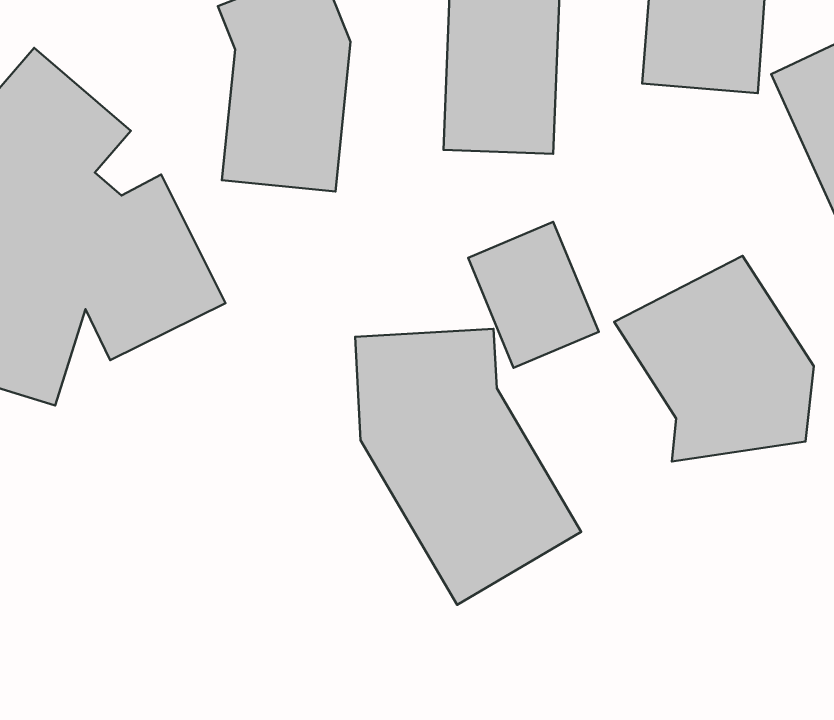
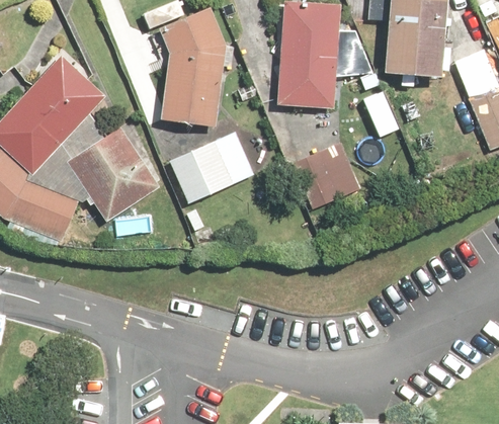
building: none -> [168,131,255,205]
building: [614,256,814,461] -> none
building: [355,329,581,605] -> none

